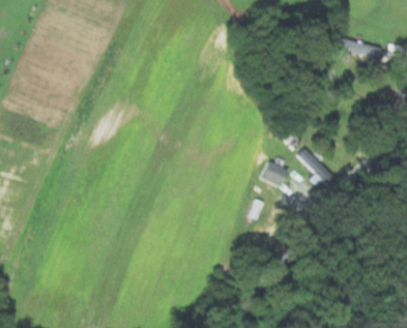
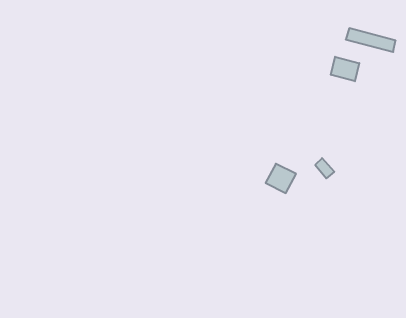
building: none -> [331,57,359,81]

